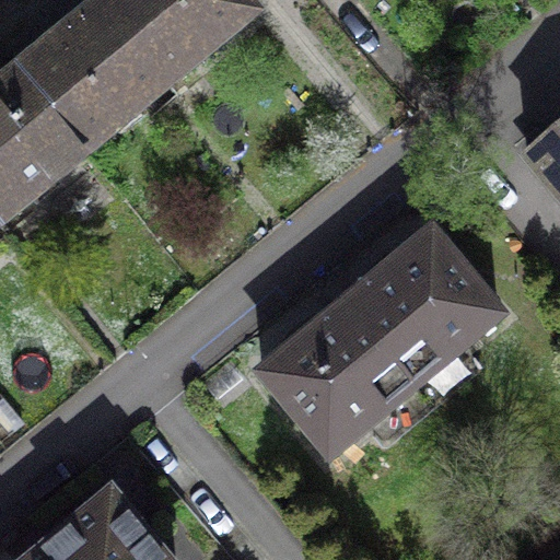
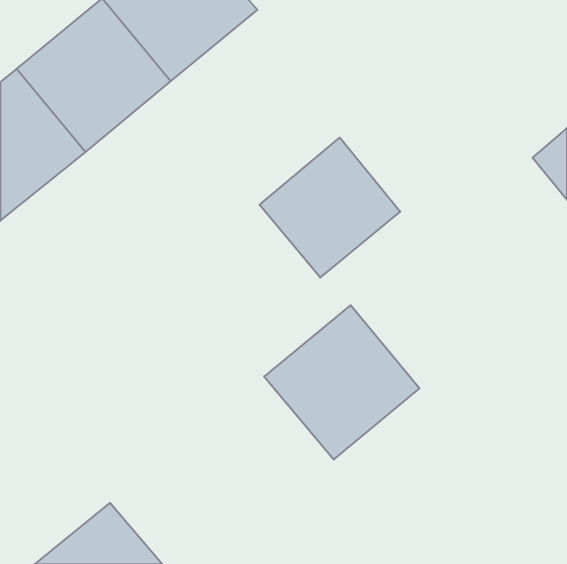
building: none -> [260,138,400,278]
building: [346,231,498,383] -> none

